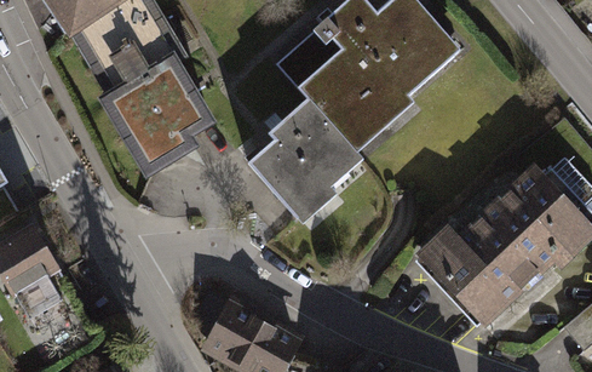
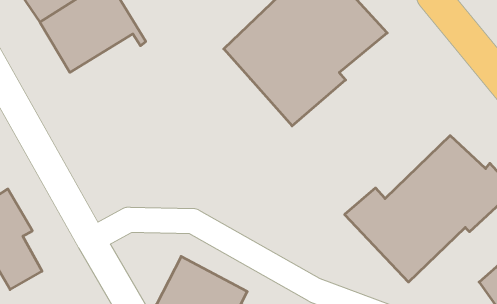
building: [94,47,214,177] -> none
building: [247,98,360,224] -> none

